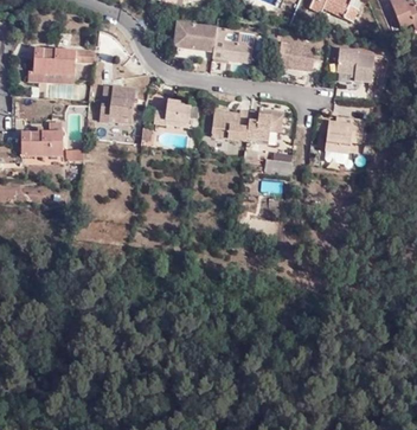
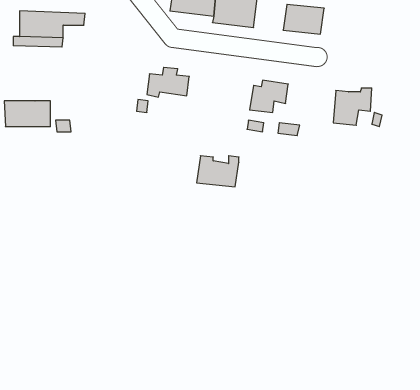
building: [336,49,373,81] -> none
building: [98,85,136,123] -> none
building: [211,111,250,140] -> [197,156,239,187]

